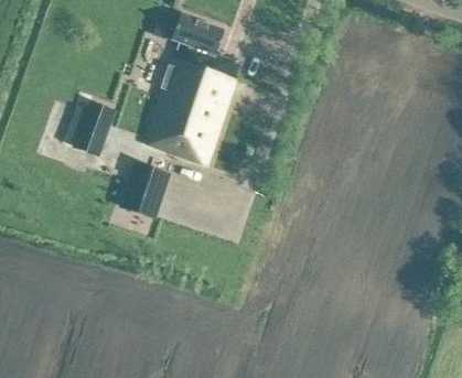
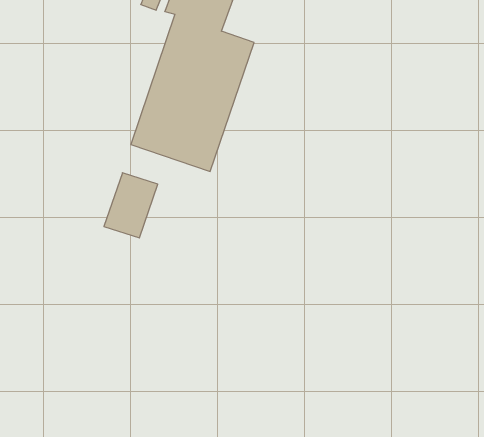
building: [76,104,115,154] -> none

